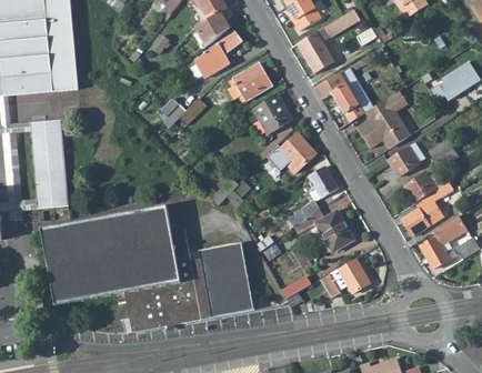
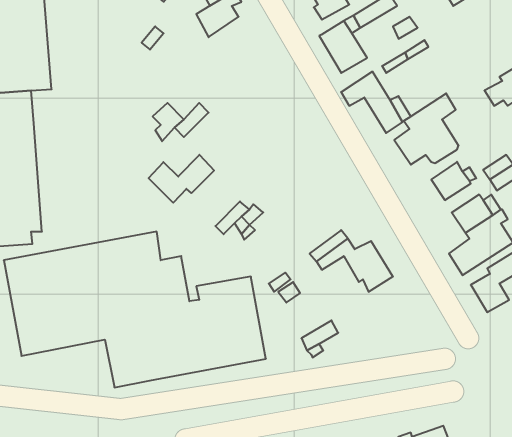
building: [194,31,241,78] -> none
building: [227,62,272,102] -> none
building: [252,93,292,132] -> none
building: [267,132,317,172] -> none
building: none -> [149,155,214,203]
building: [308,165,338,201] -> none
building: [313,258,371,298] -> none

